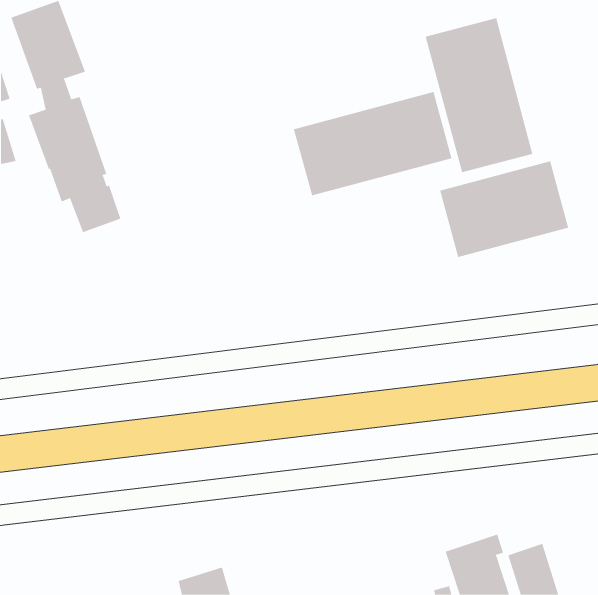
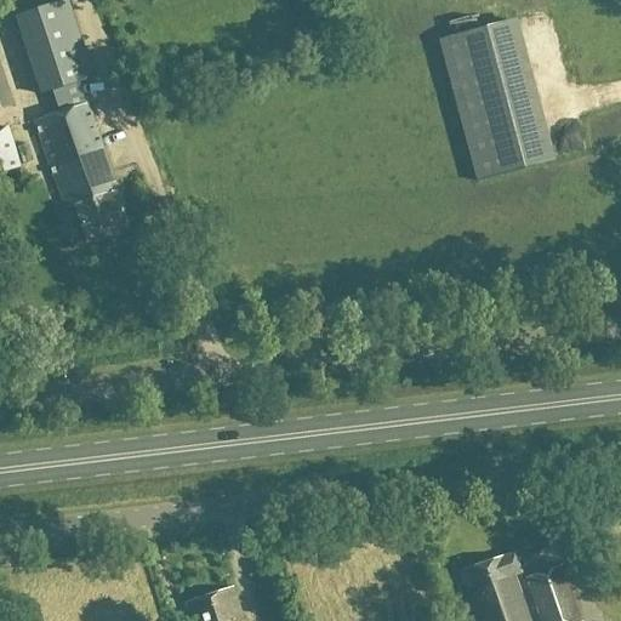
building: [293,91,452,196] -> none
building: [439,160,569,258] -> none

